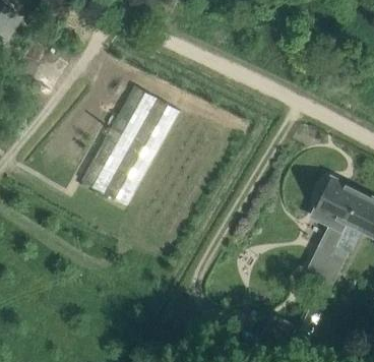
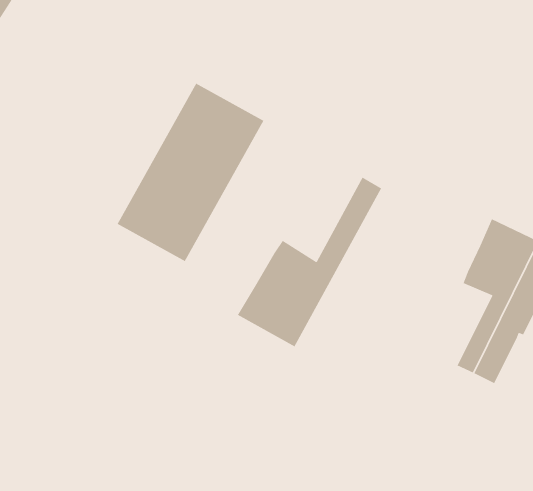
building: none -> [237,176,382,348]

